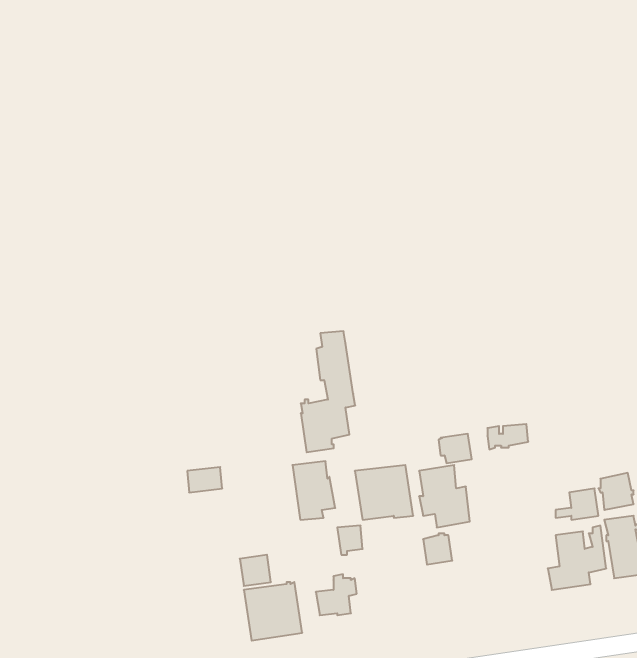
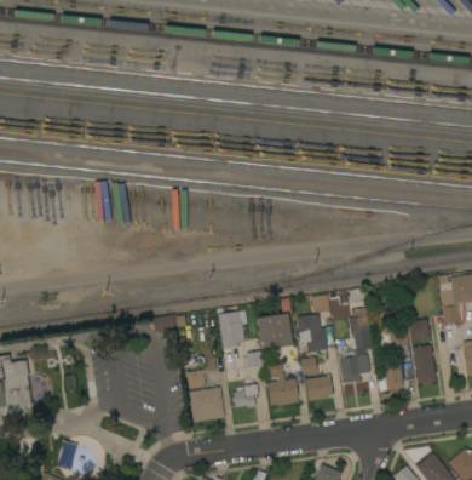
building: [301,331,355,452] -> [340,308,374,383]
building: none -> [265,360,299,407]
building: none -> [306,375,334,401]

